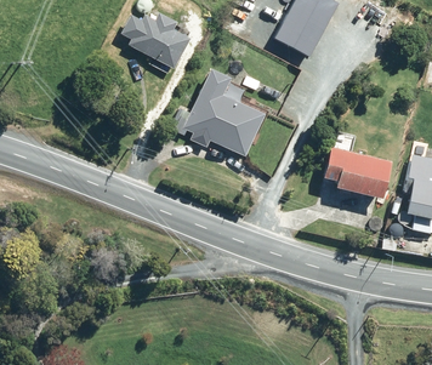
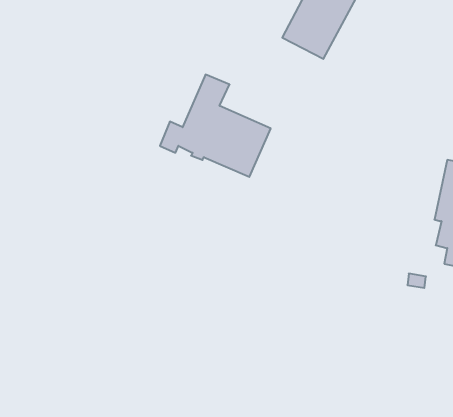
building: [126,12,189,68] -> none
building: [322,148,388,199] -> none

